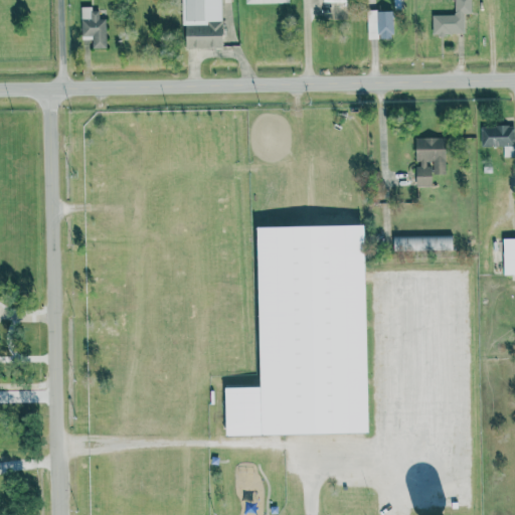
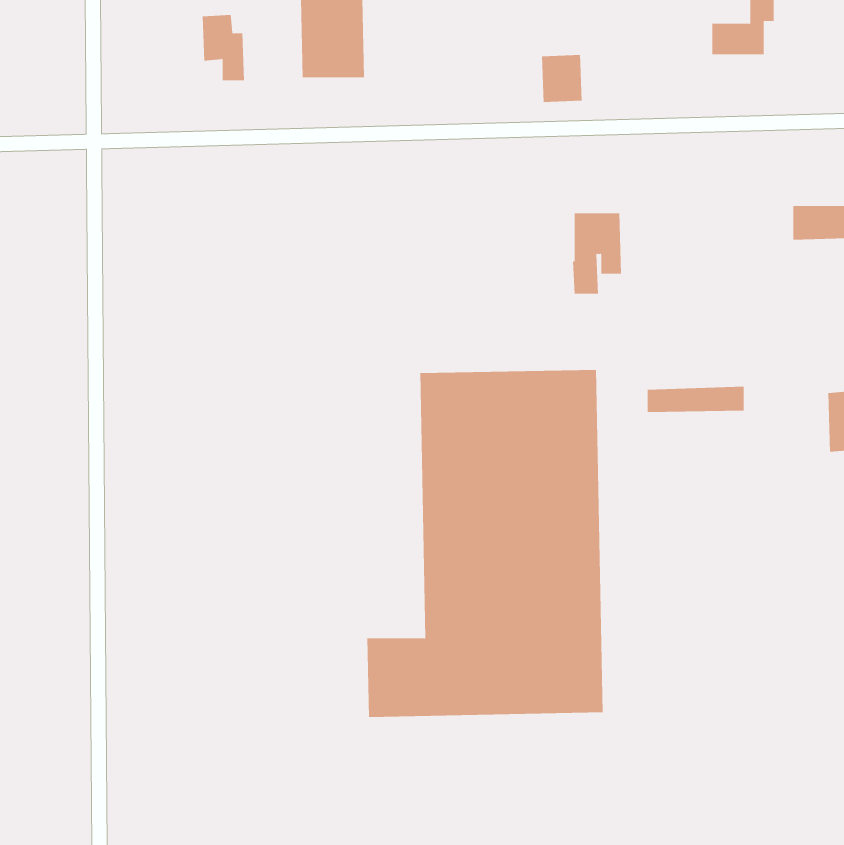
building: [81,7,108,47] -> [202,15,245,81]
building: [368,9,393,38] -> [541,54,583,103]
building: [416,137,447,186] -> [572,213,622,294]

